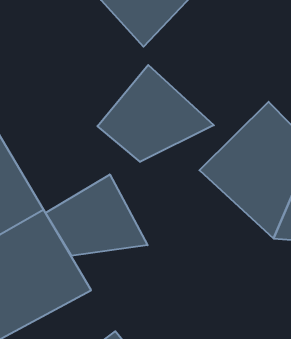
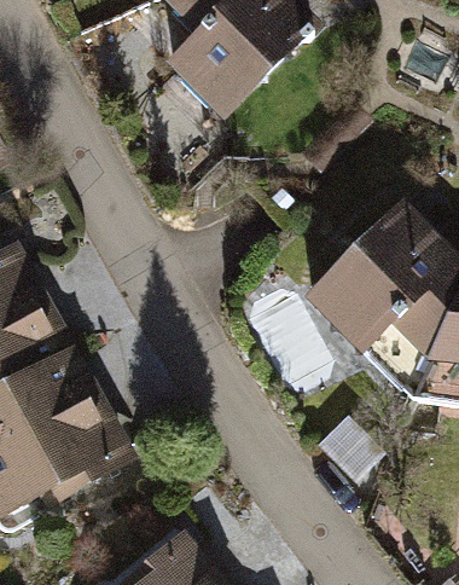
building: [97,65,214,162] -> none
building: [46,174,148,256] -> none

